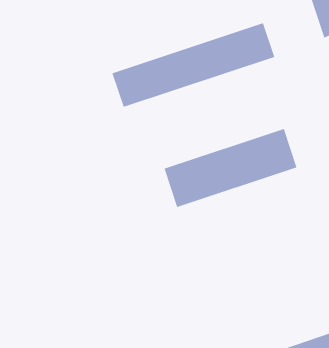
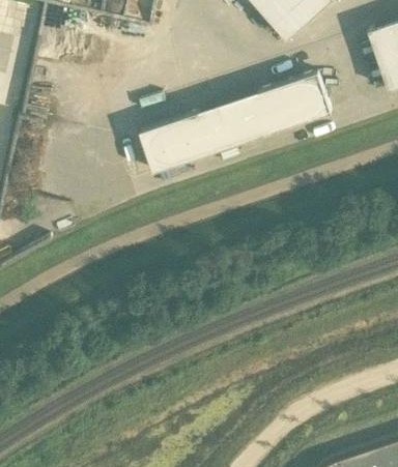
building: [164,128,297,208] -> none

